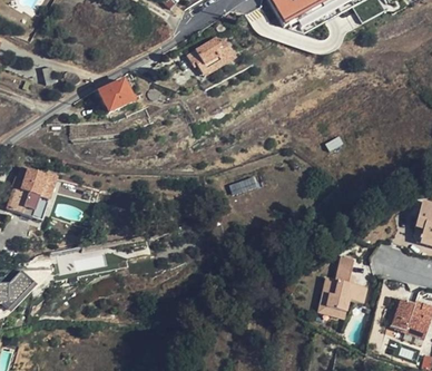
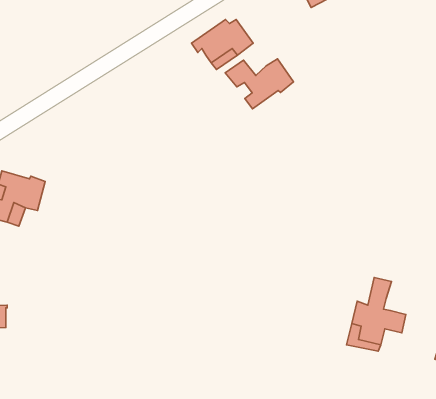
building: none -> [225,59,294,109]
building: [99,79,135,111] -> none

